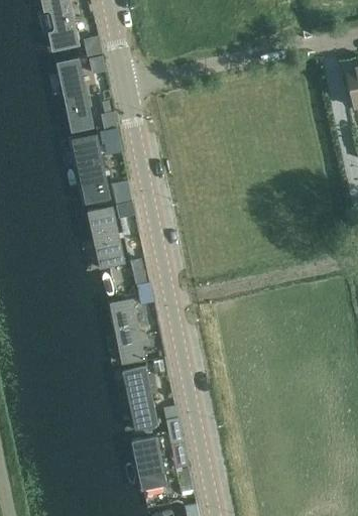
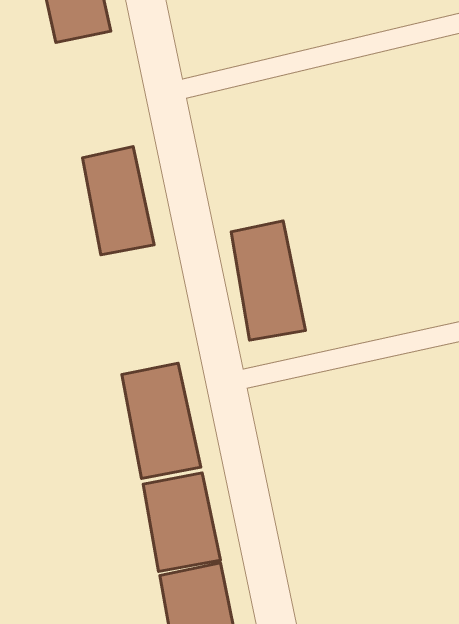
building: [48,47,103,132] -> none
building: [82,200,135,285] -> [231,221,306,340]

